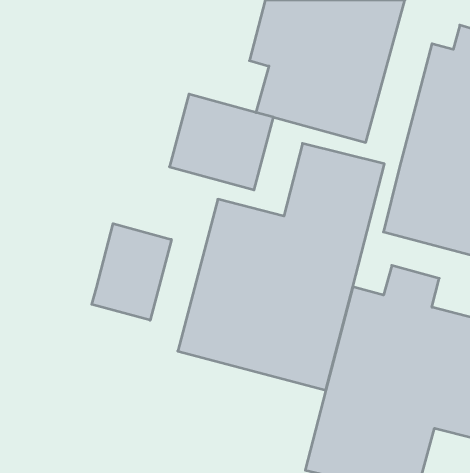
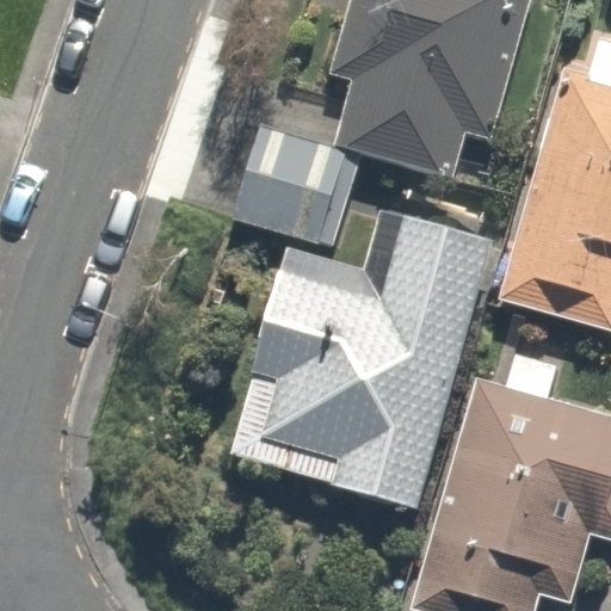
building: [92,224,171,320] -> none

